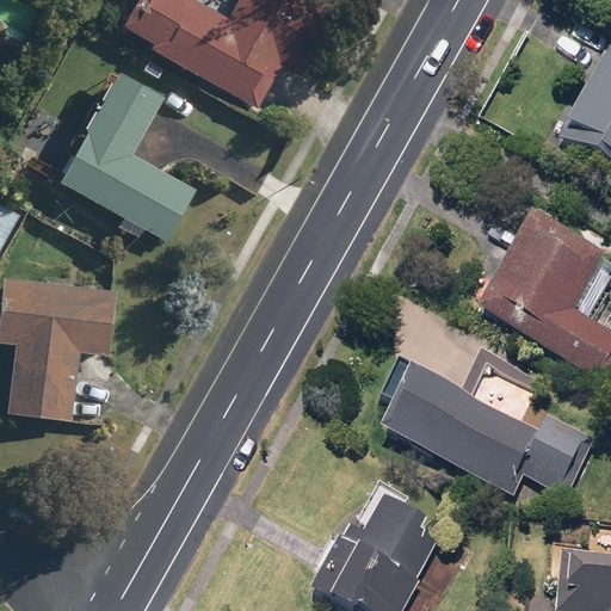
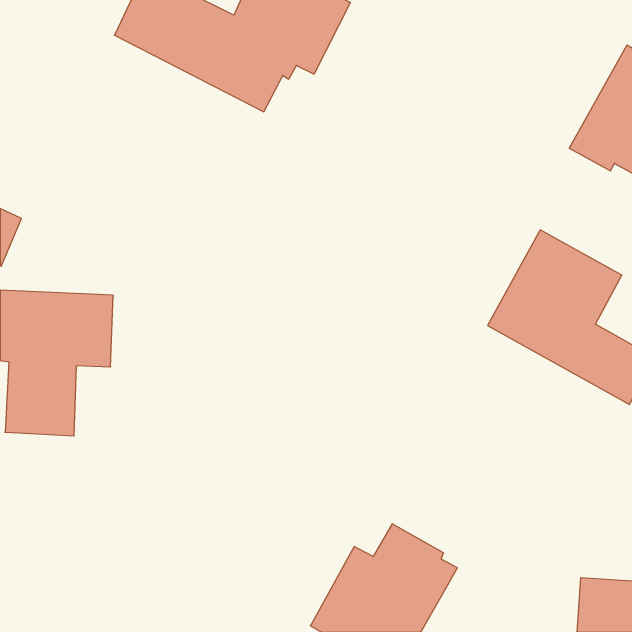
building: [56,67,202,241] -> none
building: [377,374,597,496] -> none

